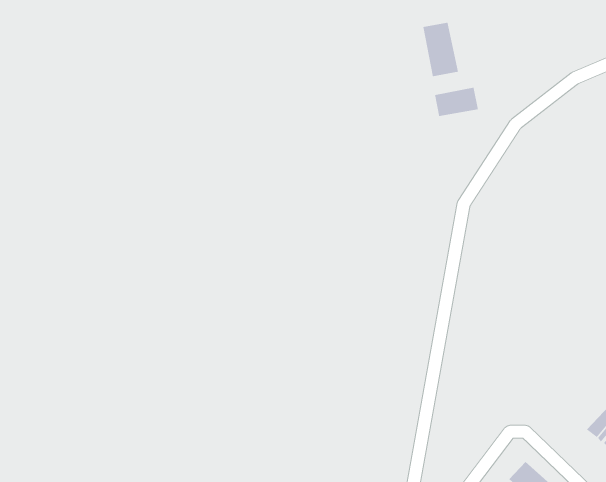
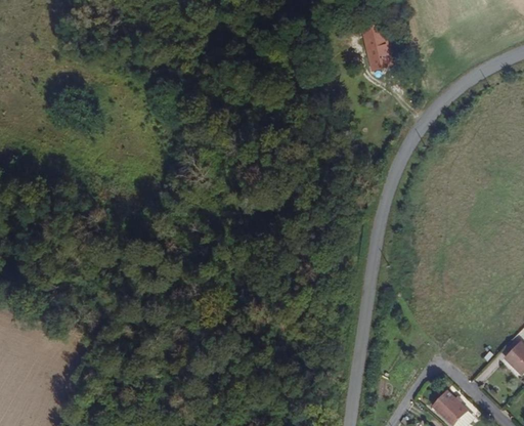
building: [434,87,479,117] -> none

